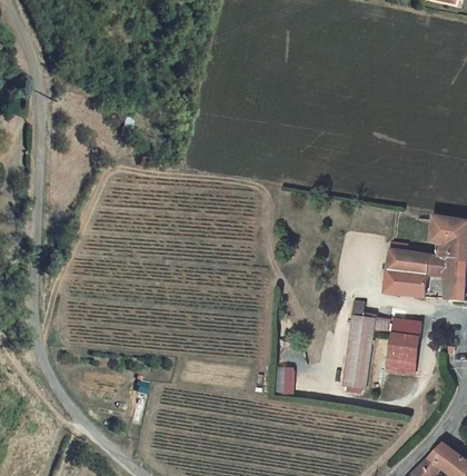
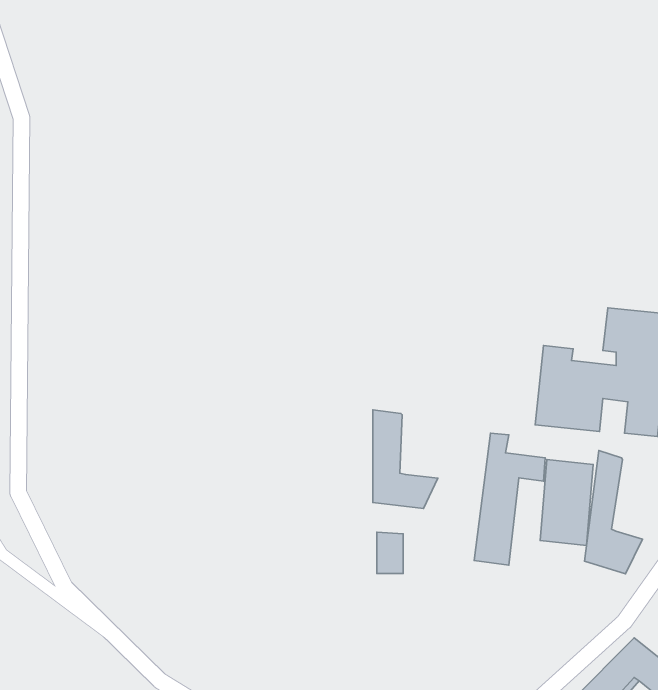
building: none -> [373,410,438,508]
building: none -> [584,450,643,574]

